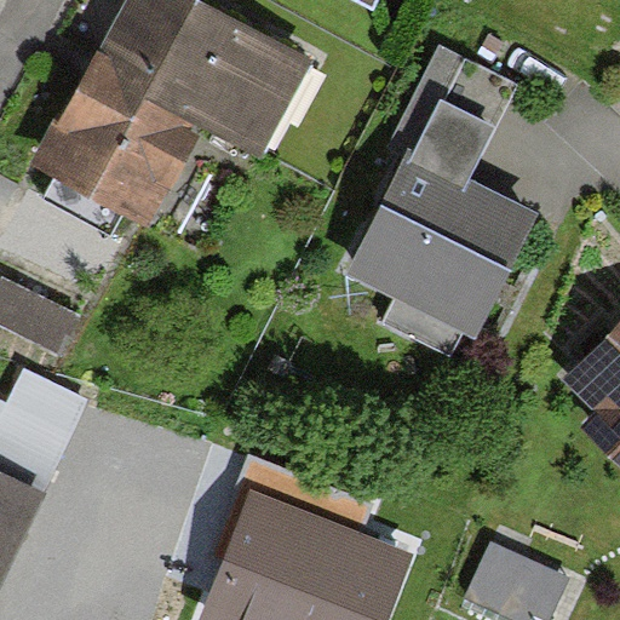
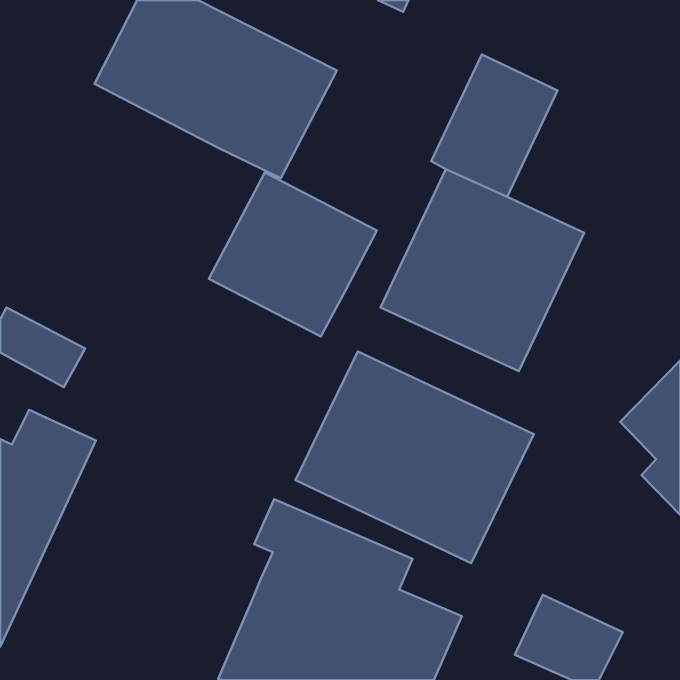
building: [38,76,199,229] -> none
building: none -> [209,173,377,337]
building: none -> [296,351,534,563]

